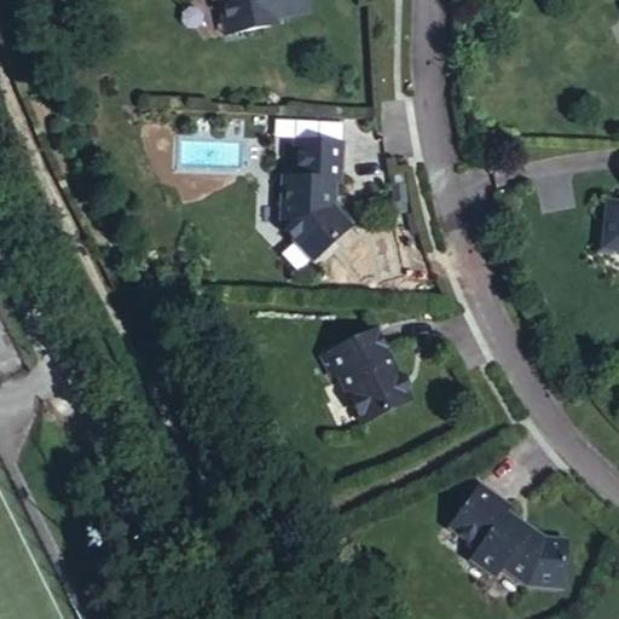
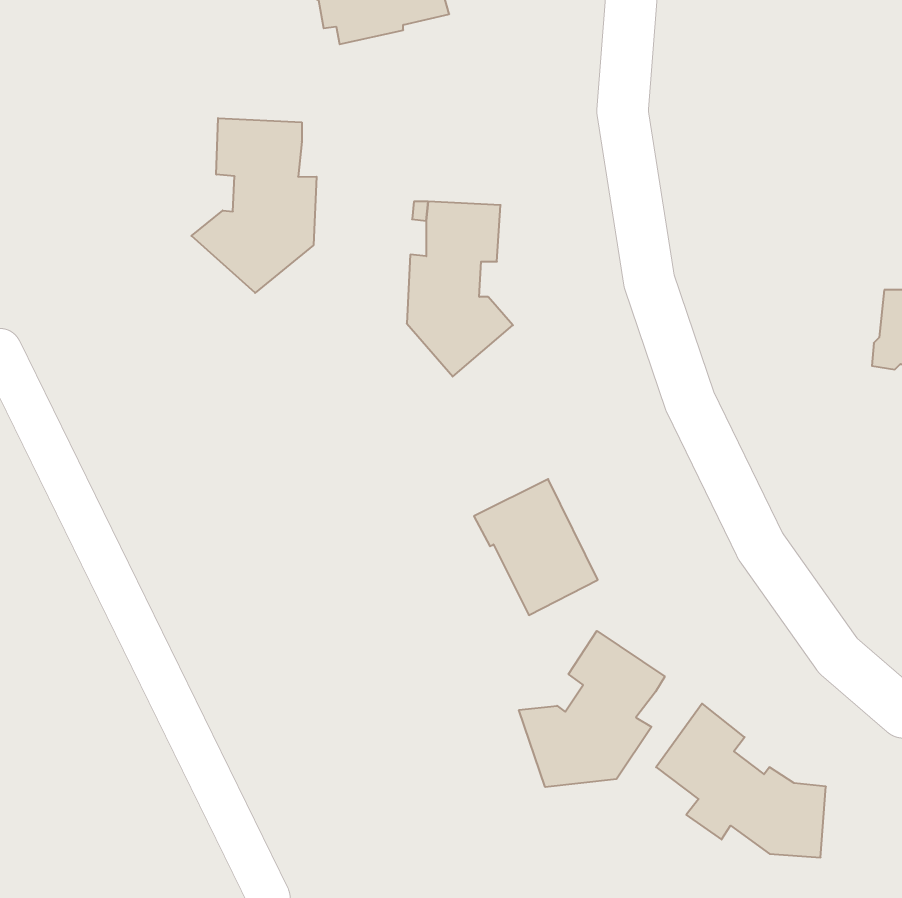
building: none -> [191,118,317,293]
building: none -> [519,631,665,787]

